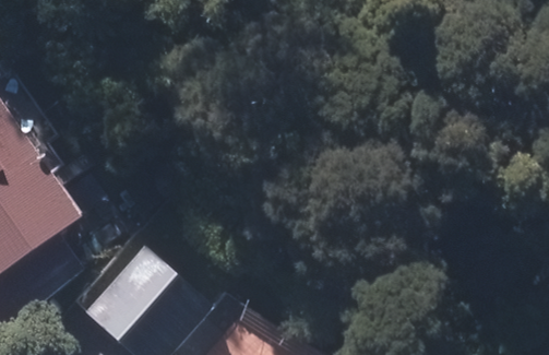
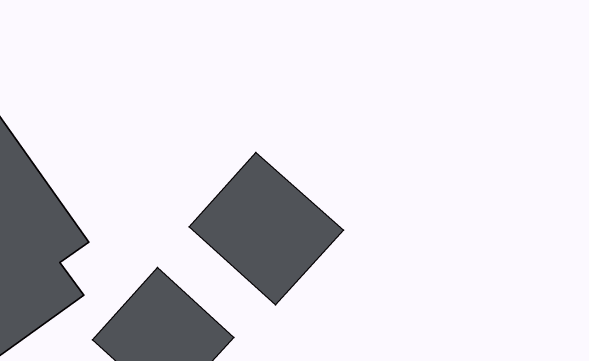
building: none -> [189,153,343,305]

